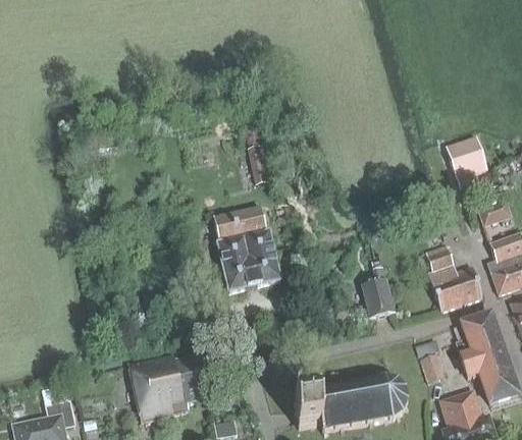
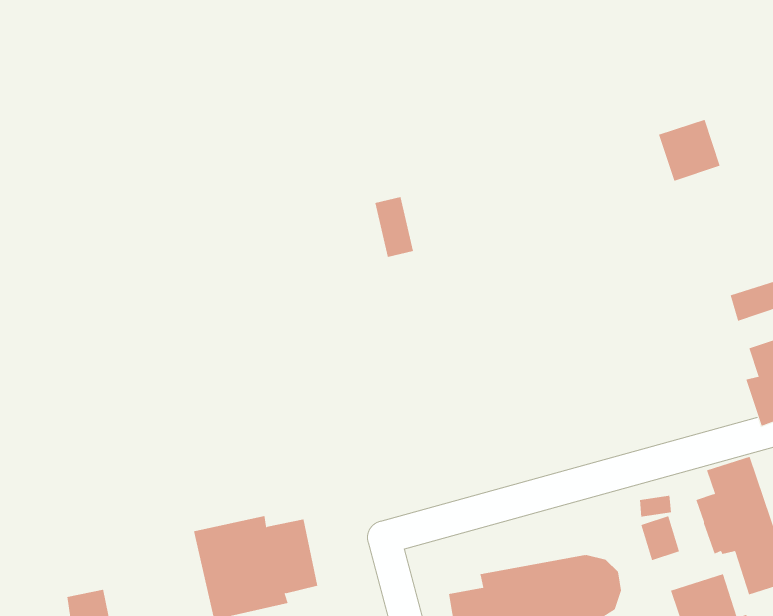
building: [447,135,487,176] -> [658,119,721,182]
building: [214,207,281,291] -> none
building: [426,243,482,311] -> none
building: [362,266,394,317] -> none

